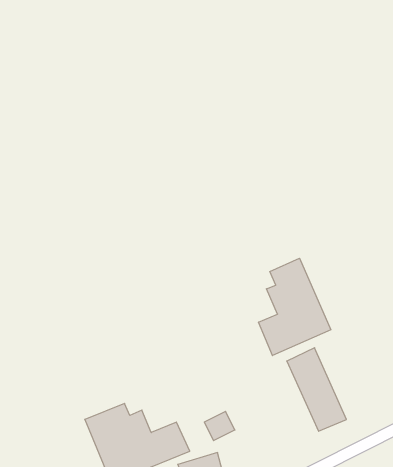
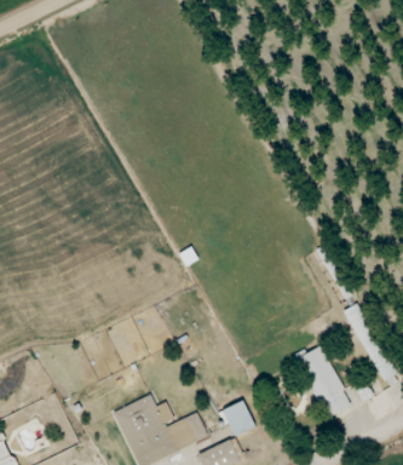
building: [259,258,331,356] -> none

